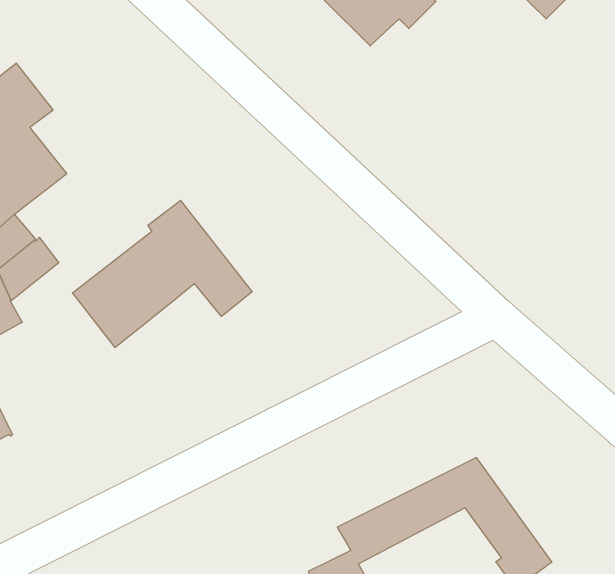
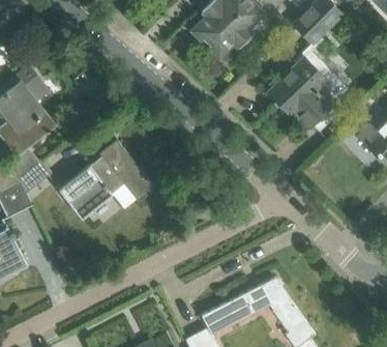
building: none -> [268,51,338,127]

